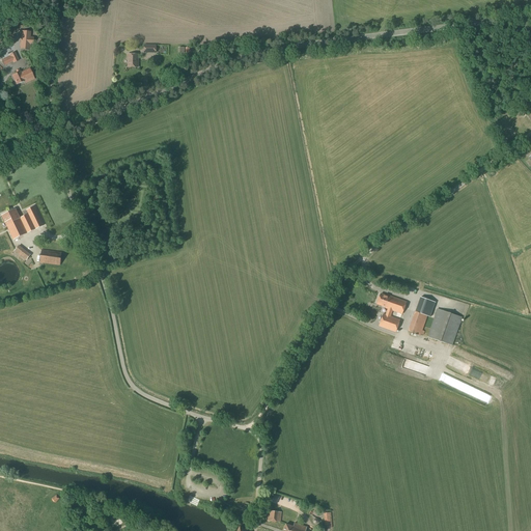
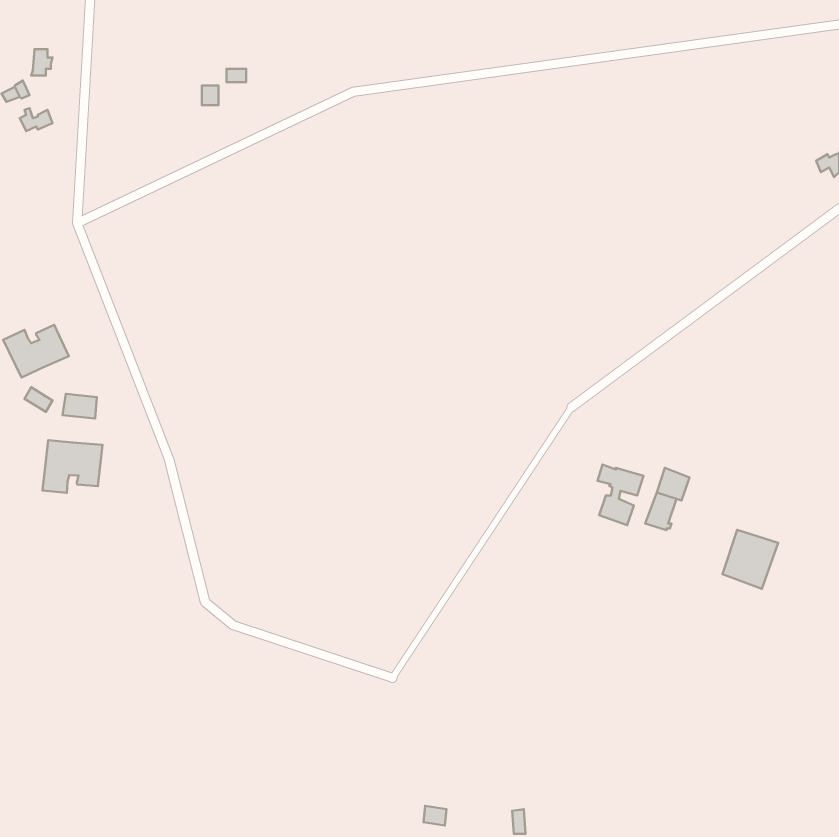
building: none -> [43,440,102,493]
building: [427,308,463,345] -> [722,530,778,589]

